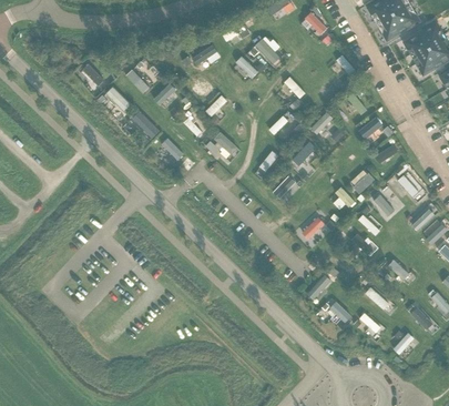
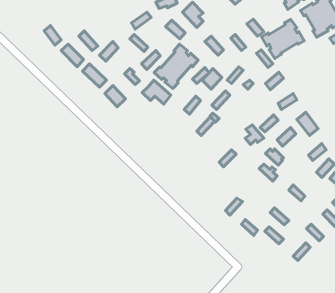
building: none -> [262,19,304,58]
building: none -> [154,44,198,88]

